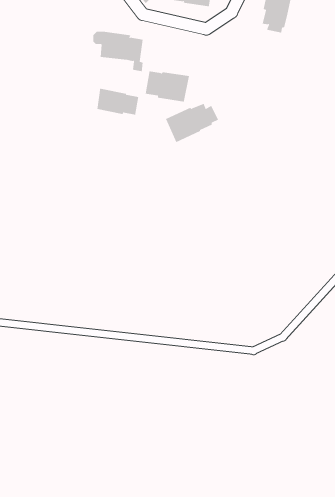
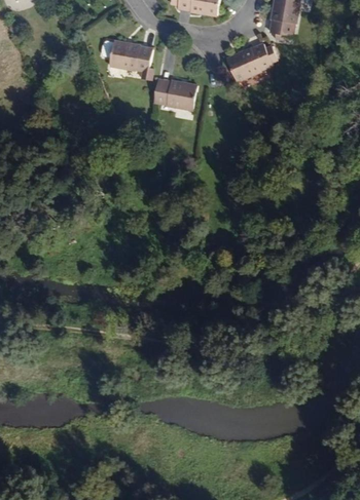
building: [97,88,139,115] -> none
building: [165,103,219,143] -> [226,43,279,82]

